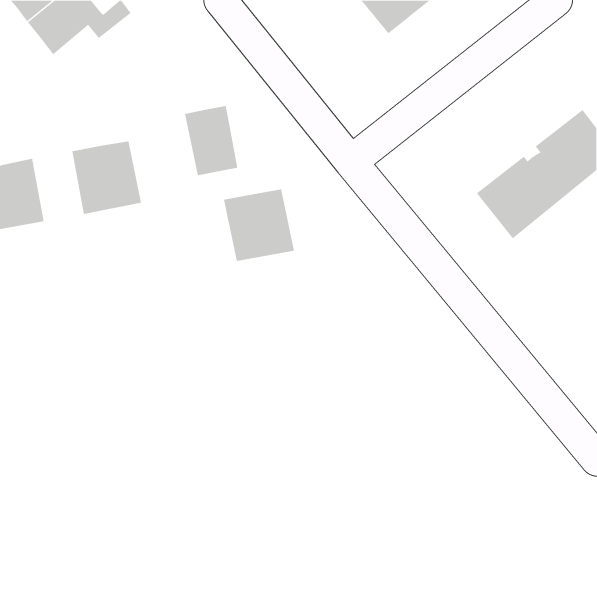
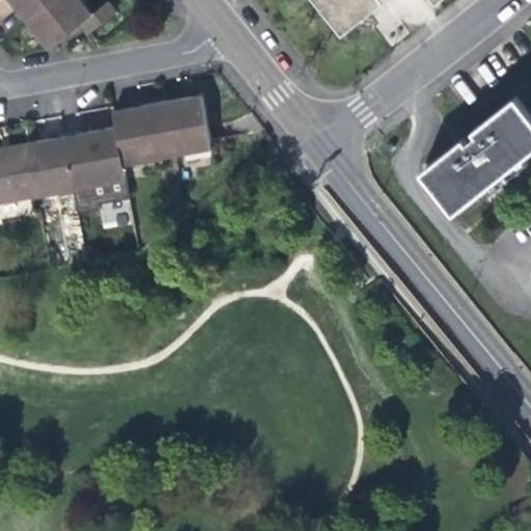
building: none -> [29,135,74,197]
building: [223,189,295,262] -> [111,102,174,166]

